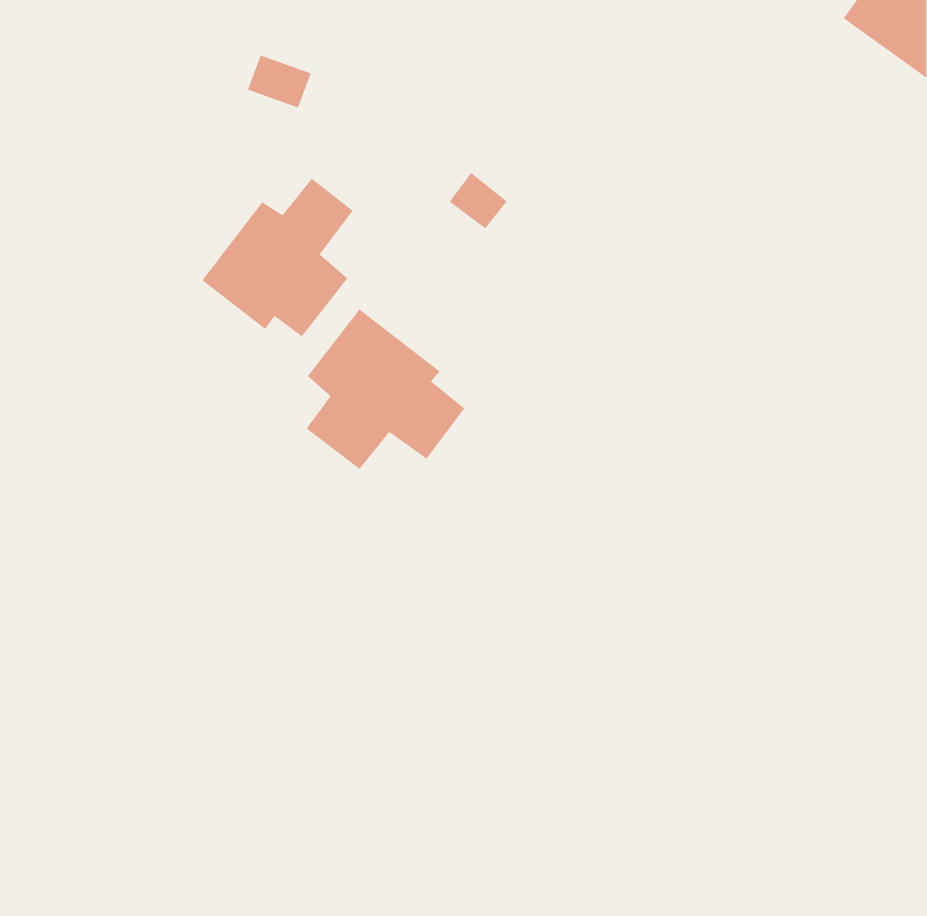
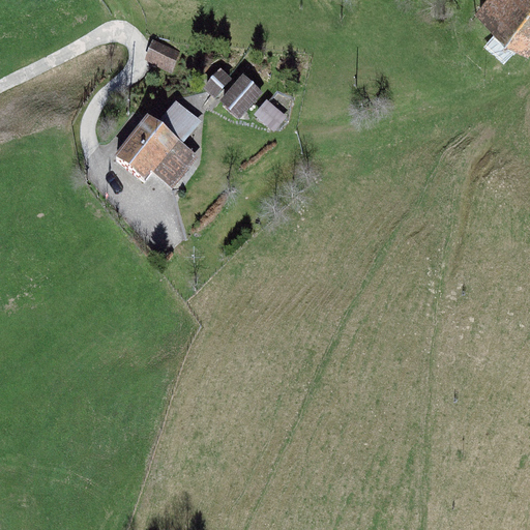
building: none -> [203,67,263,117]
building: [306,309,465,470] -> none

